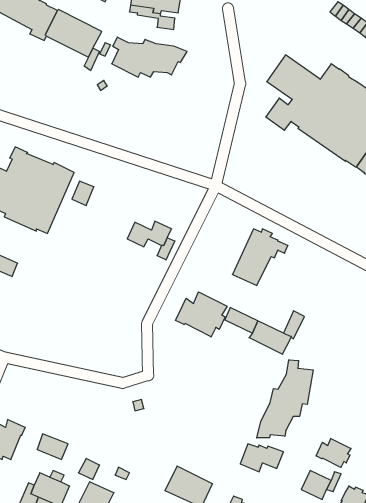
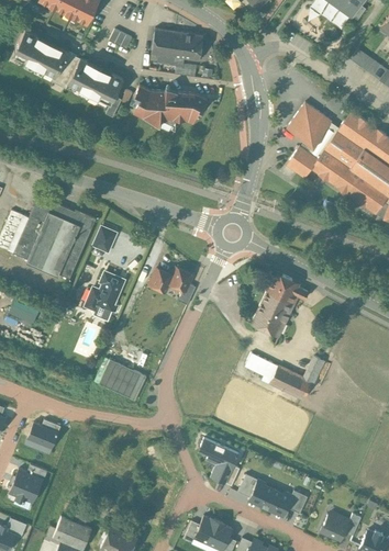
building: none -> [86,273,125,314]
building: [176,292,227,337] -> none
building: none -> [97,359,147,400]
building: [257,360,313,438] -> none
building: none -> [200,438,240,484]
building: none -> [234,473,269,508]
building: [37,434,68,459] -> [29,423,59,448]
building: [316,438,351,467] -> none

